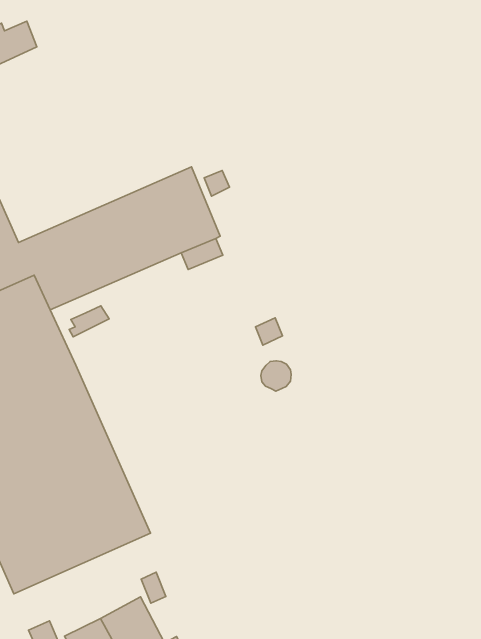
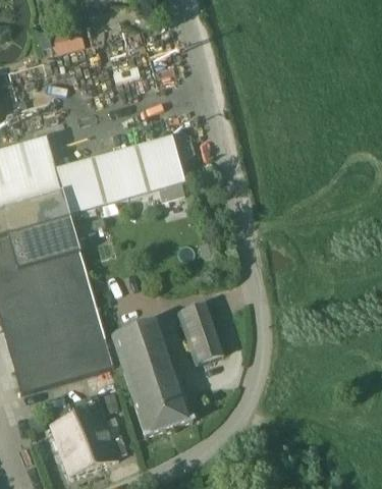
building: none -> [177,303,223,363]
building: none -> [111,319,193,434]

